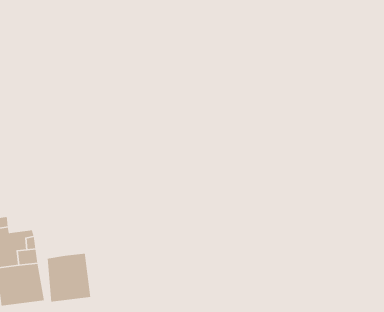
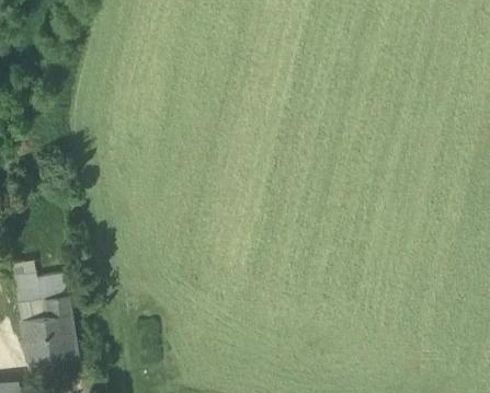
building: [47,253,91,302] -> none

